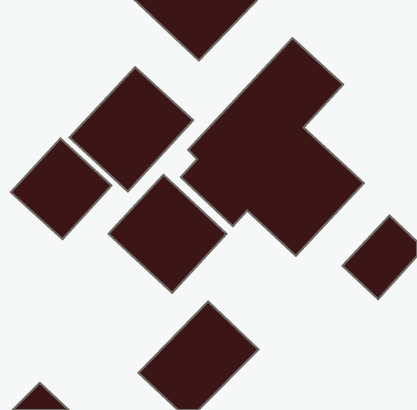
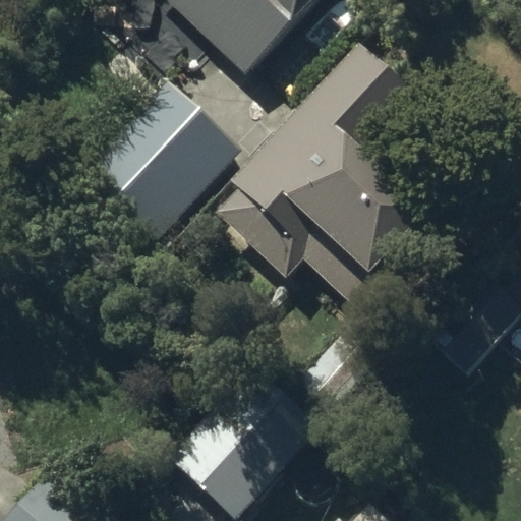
building: [11,138,111,239] -> none
building: [108,175,226,293] -> none

